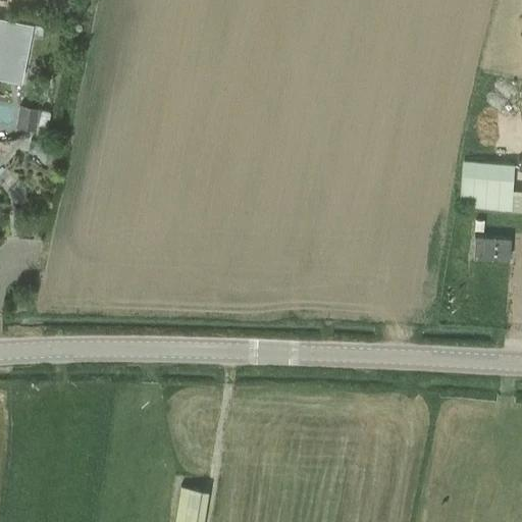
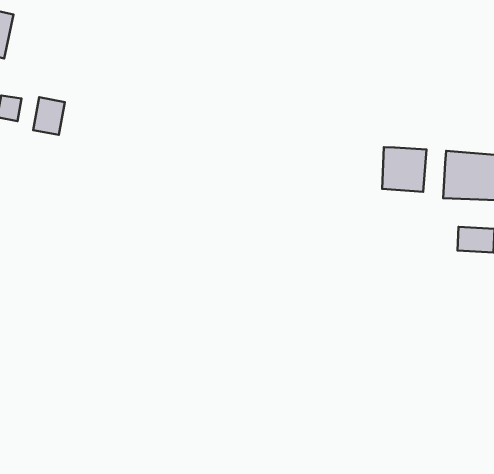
building: none -> [33,97,65,135]
building: none -> [382,147,427,192]

